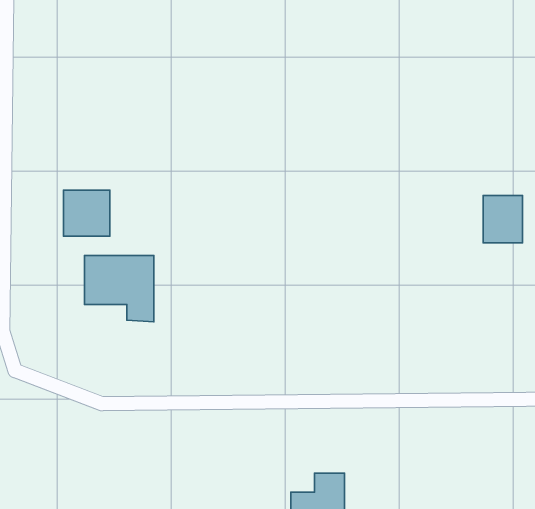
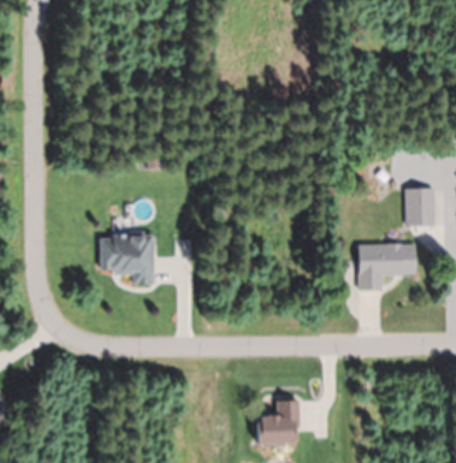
building: [63,190,110,236] -> none
building: none -> [357,243,415,289]

